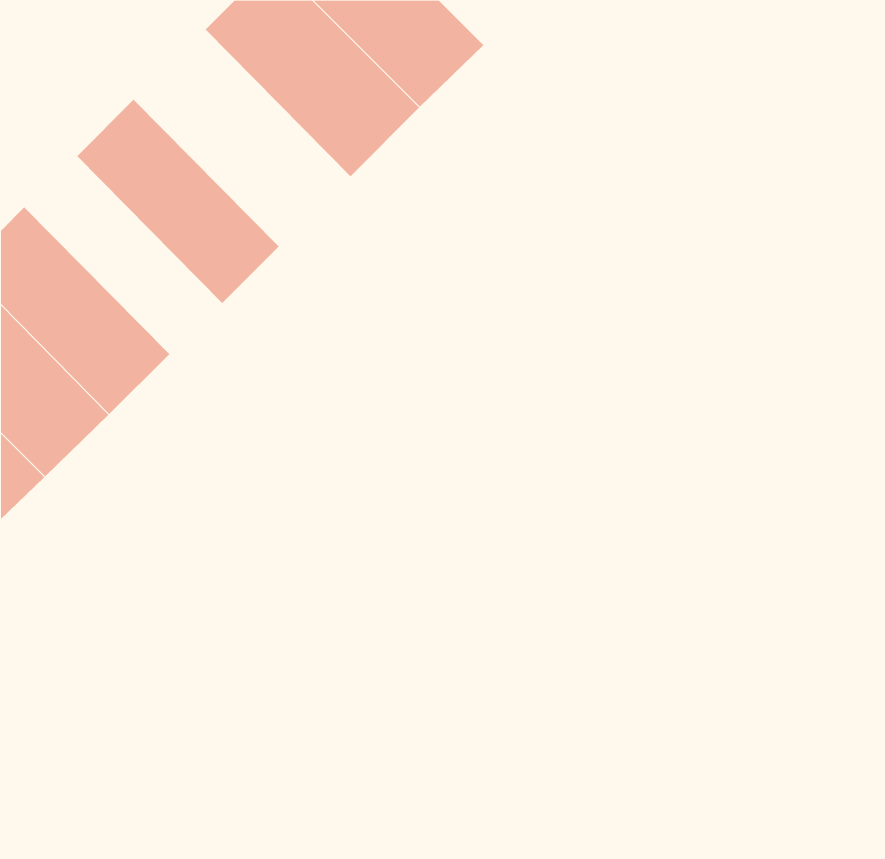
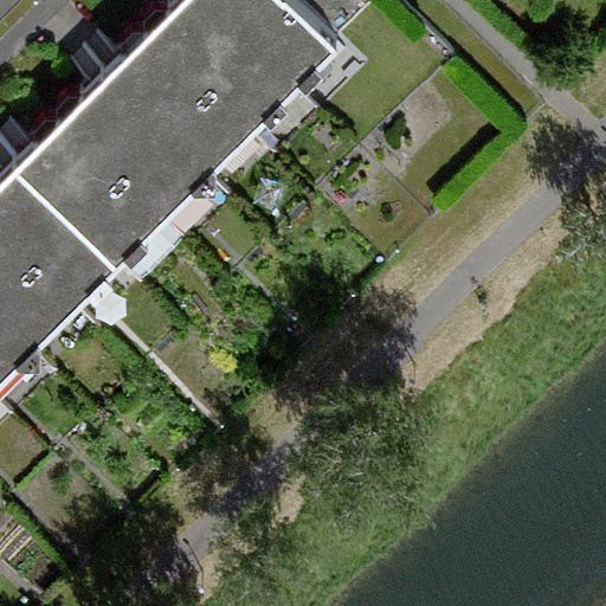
building: none -> [92,39,240,187]
building: none -> [18,125,153,260]

